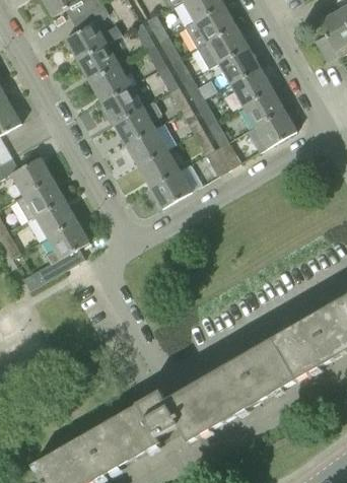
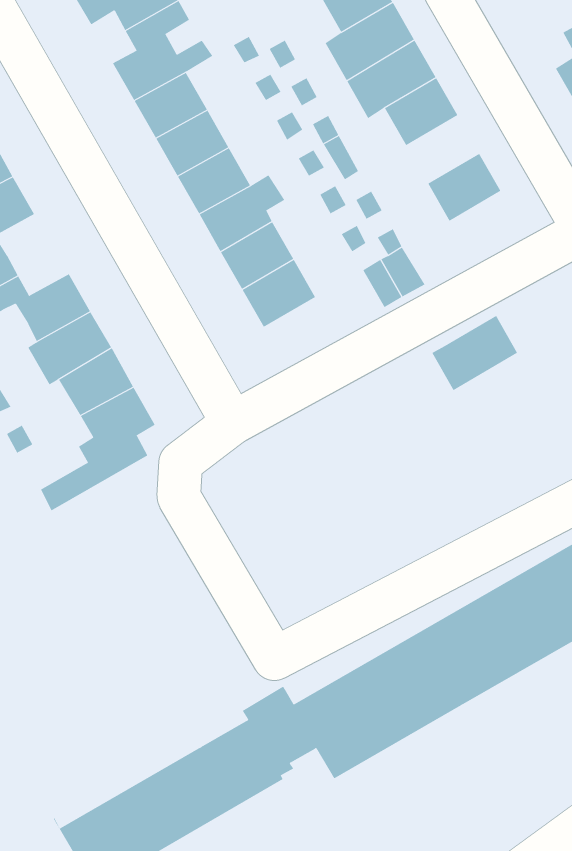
building: [229,66,271,105] -> none
building: [247,109,295,151] -> [432,315,518,391]
building: [149,168,191,207] -> none

